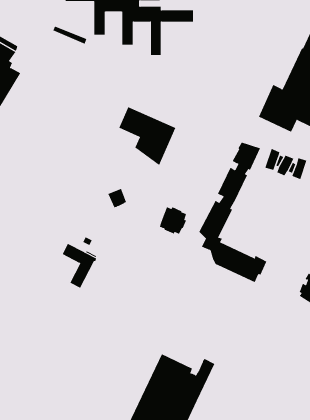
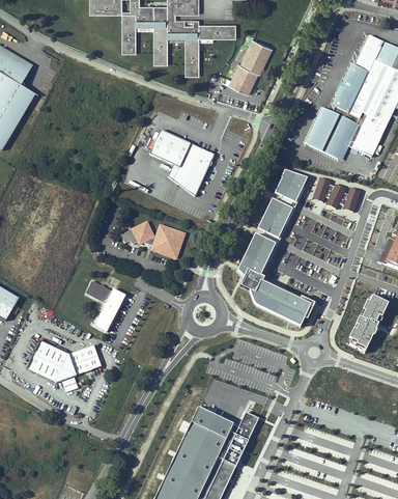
building: none -> [225,37,272,93]
building: [159,207,187,234] -> [158,225,189,256]
building: none -> [27,343,102,385]

